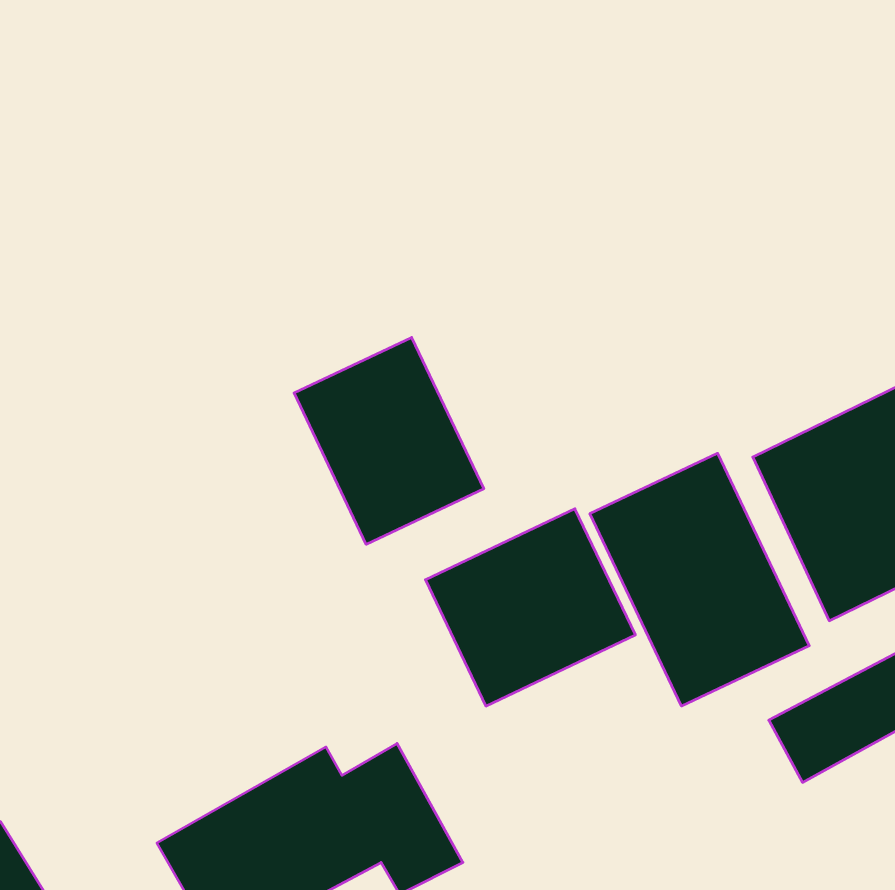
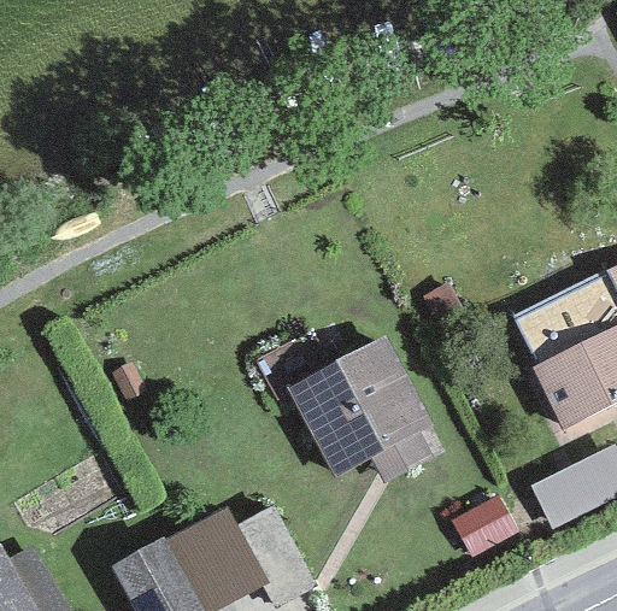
building: [294,337,484,544] -> none
building: [590,453,809,706] -> none

